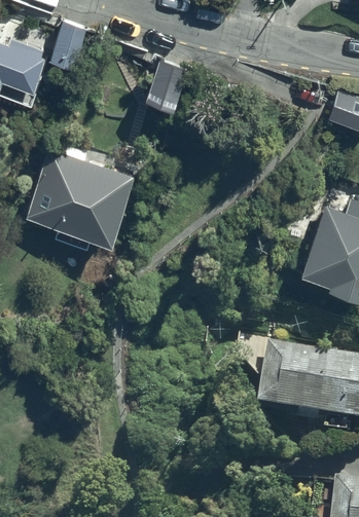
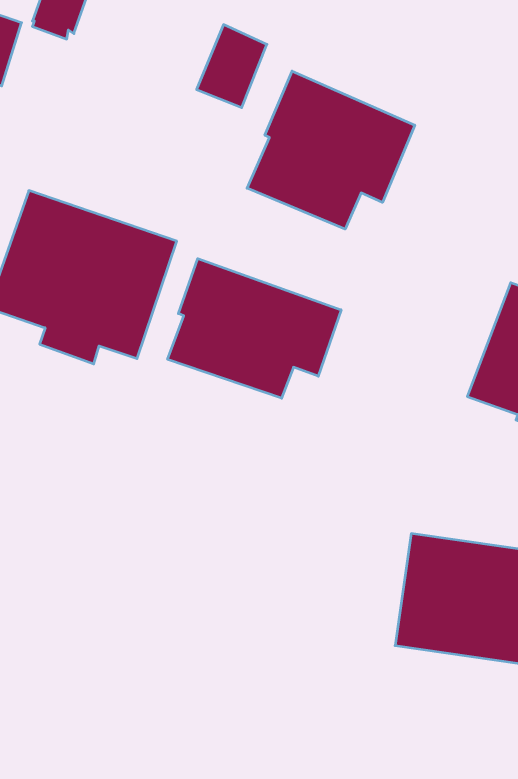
building: none -> [247,71,415,229]
building: none -> [168,259,341,398]

